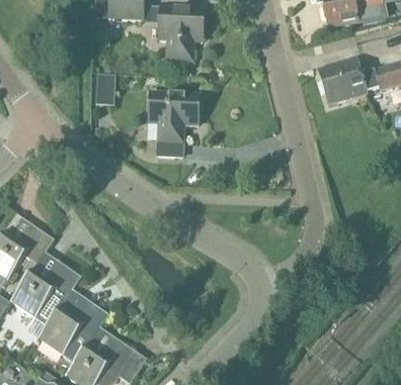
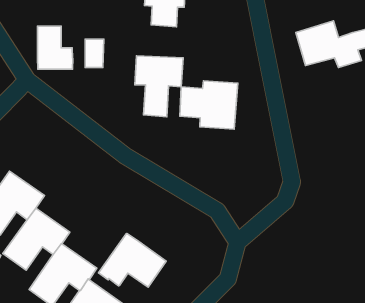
building: none -> [38,26,73,69]
building: none -> [180,81,238,129]
building: none -> [99,234,166,287]

